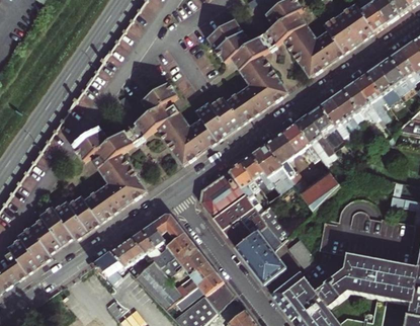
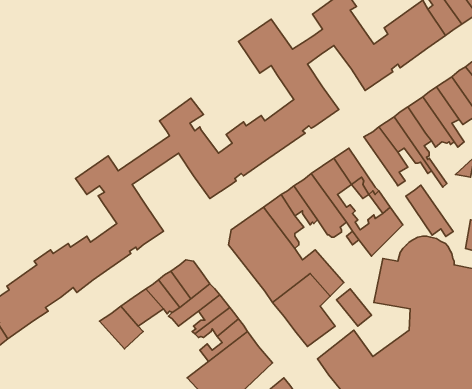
building: [296,113,334,155] -> [406,185,453,236]
building: [136,260,182,308] -> none

